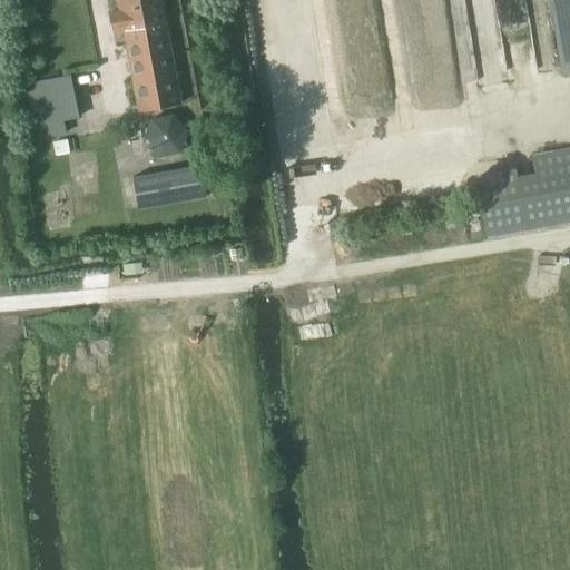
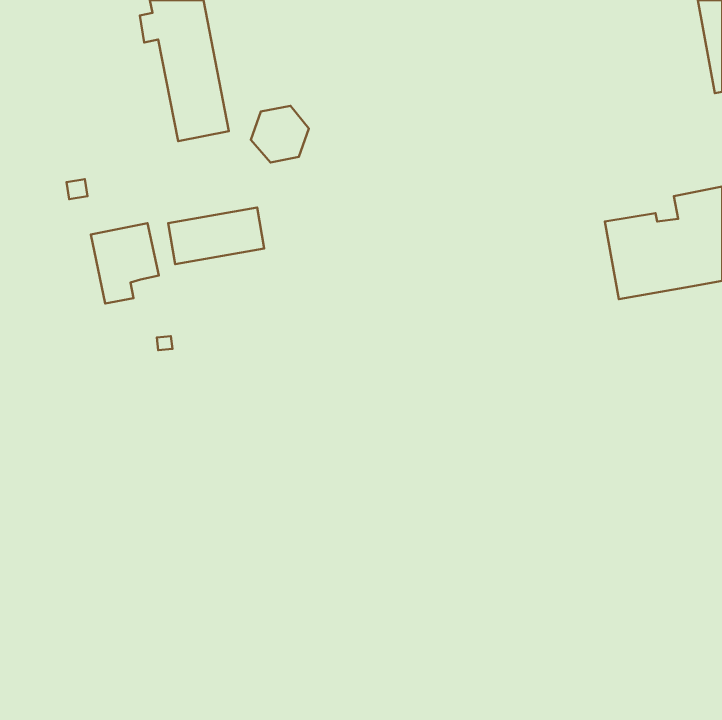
building: [26,76,79,139] -> [91,223,159,304]
building: [144,114,189,158] -> [251,106,309,162]

